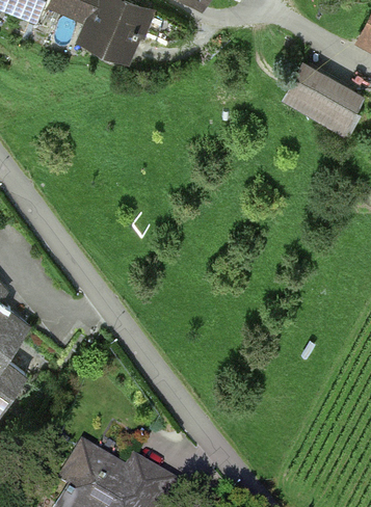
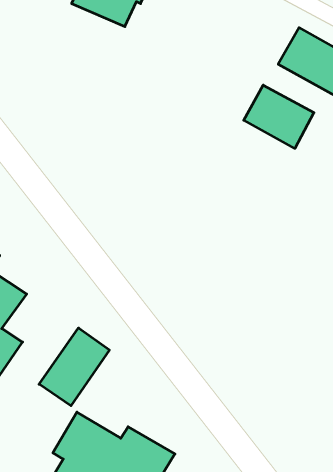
building: none -> [244,85,314,148]
building: none -> [39,328,109,406]

